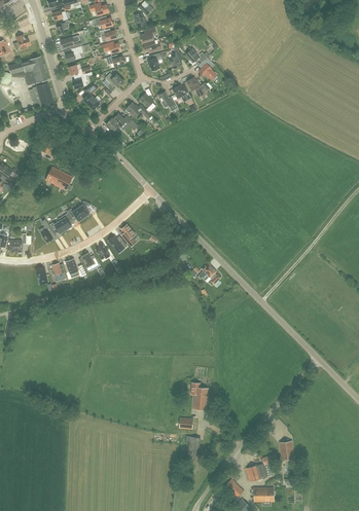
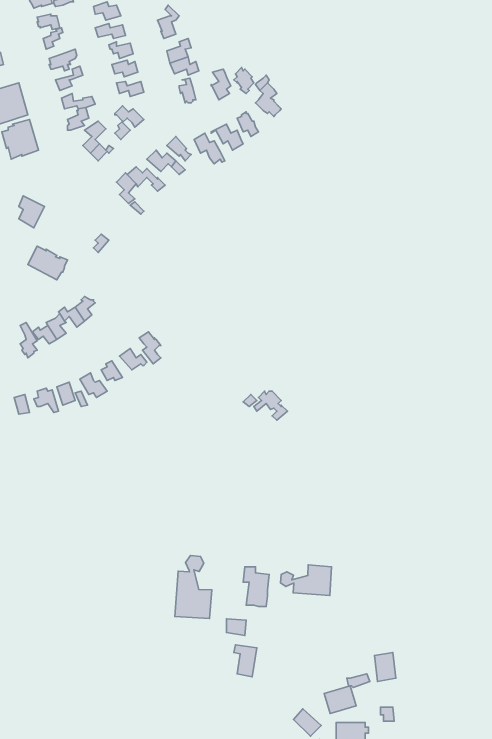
building: none -> [175,556,212,619]
building: none -> [280,565,332,595]

